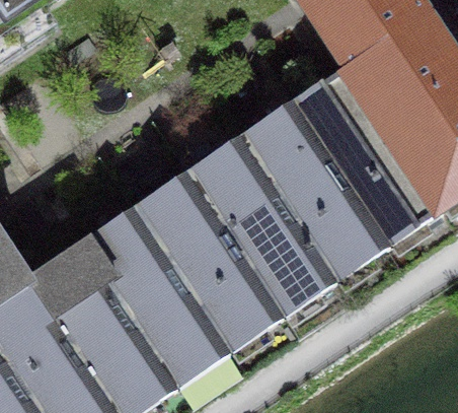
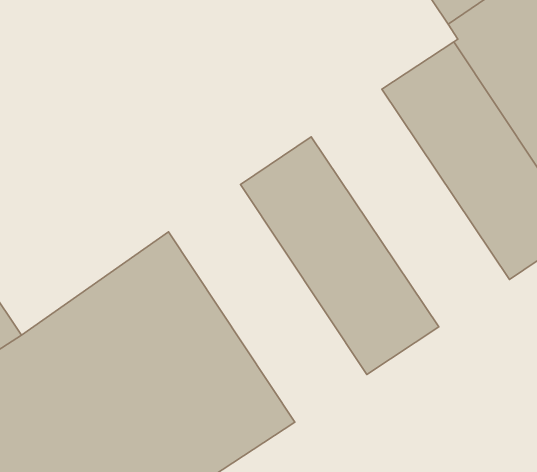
building: [246,95,394,273] -> none
building: [140,166,288,344] -> none

